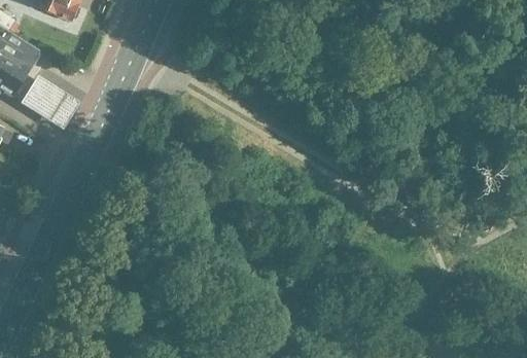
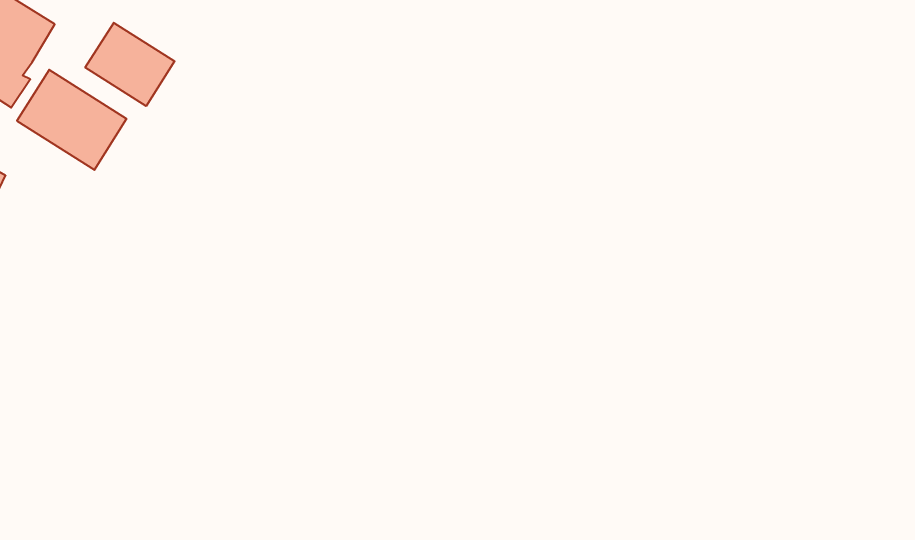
building: none -> [85,23,175,106]

